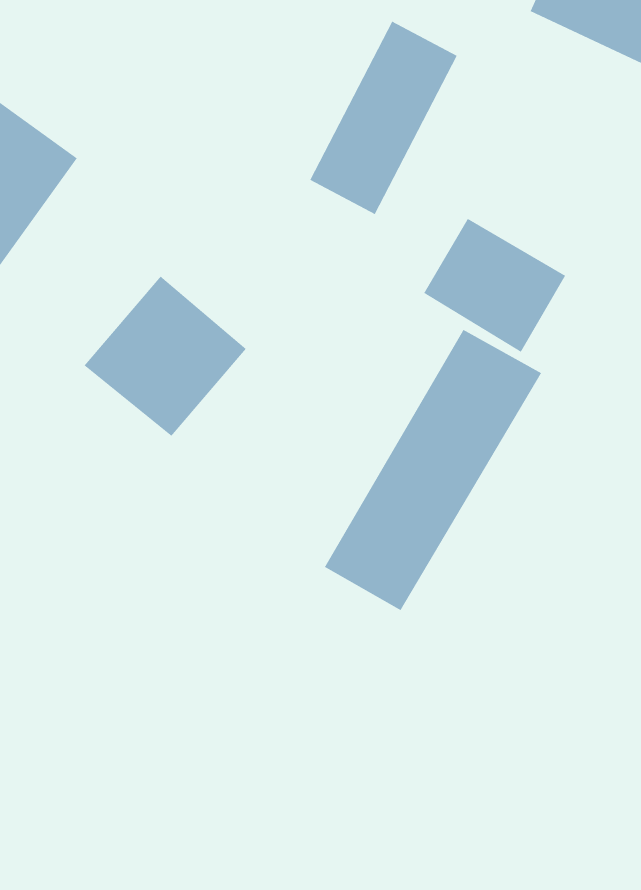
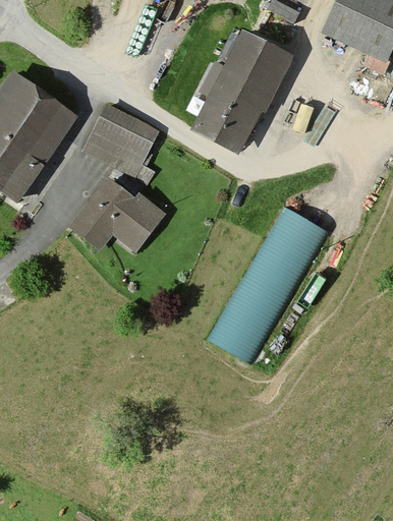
building: none -> [87,106,157,171]
building: [423,218,566,353] -> none

